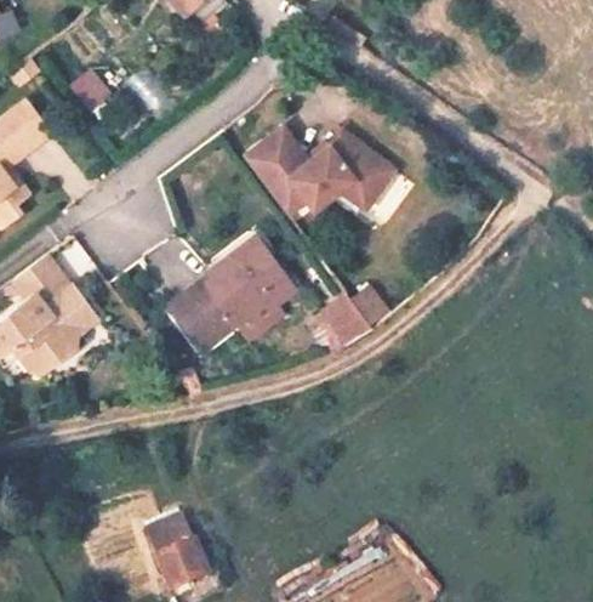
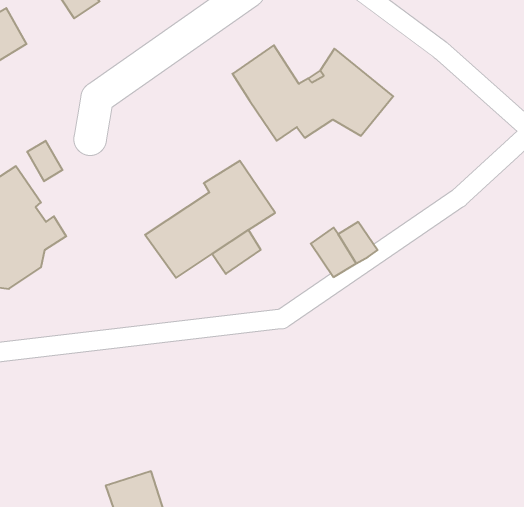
building: [141,504,195,555] -> none

